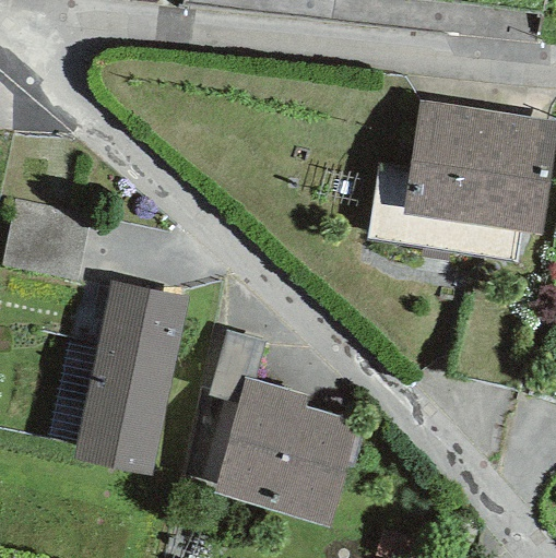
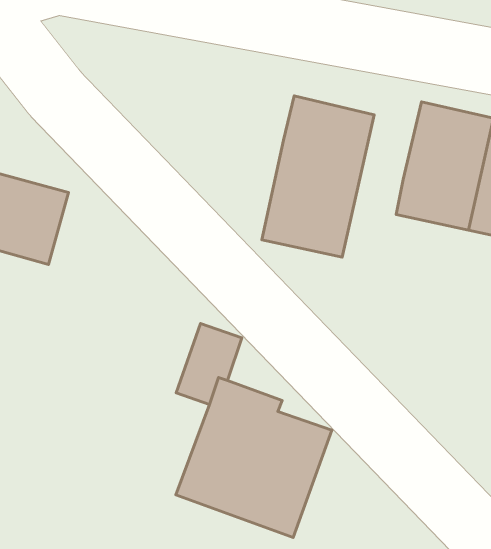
building: none -> [262,96,374,257]
building: [71,278,189,476] -> none

